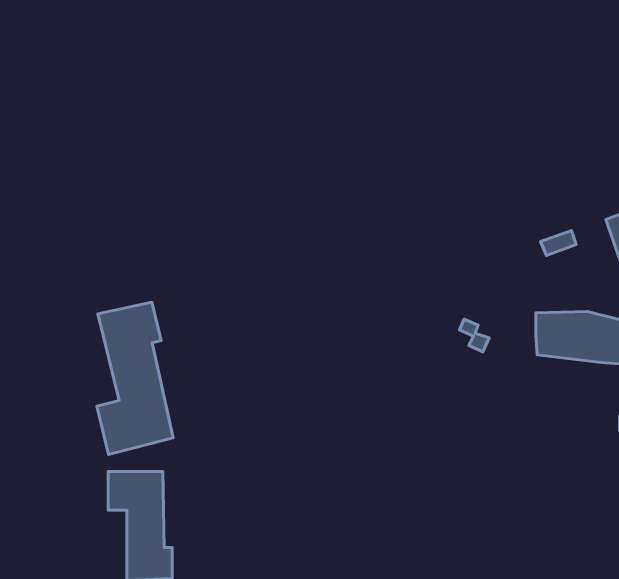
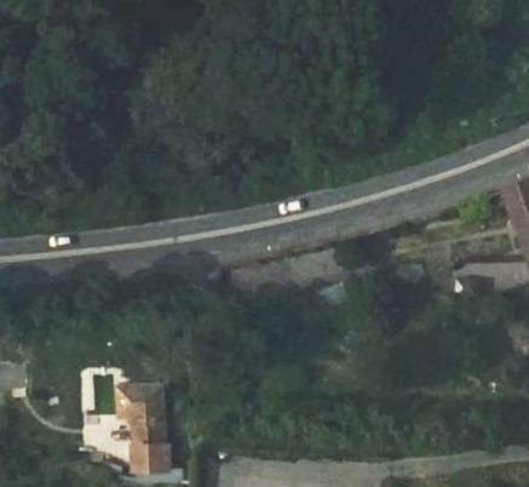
building: [97,302,173,454] -> none

